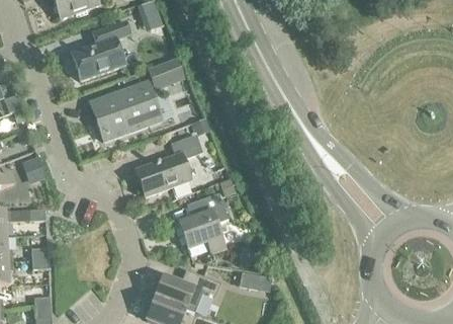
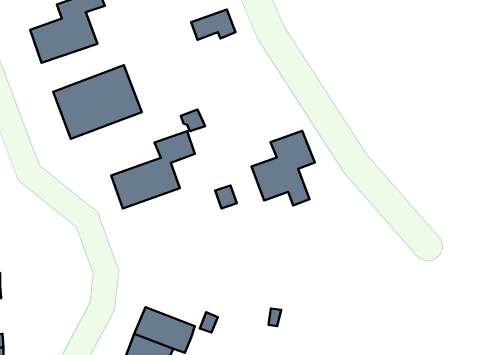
building: [148,59,183,83] -> [191,9,236,40]
building: [179,192,230,252] -> [251,131,315,206]

